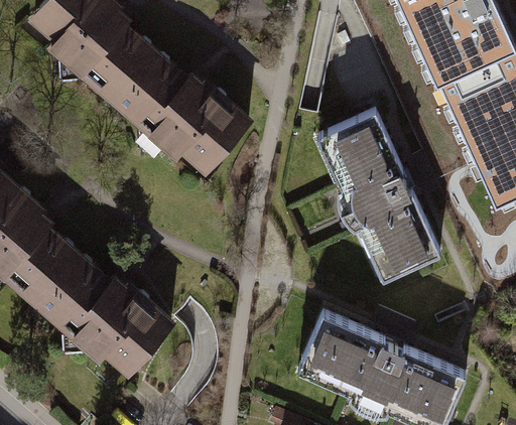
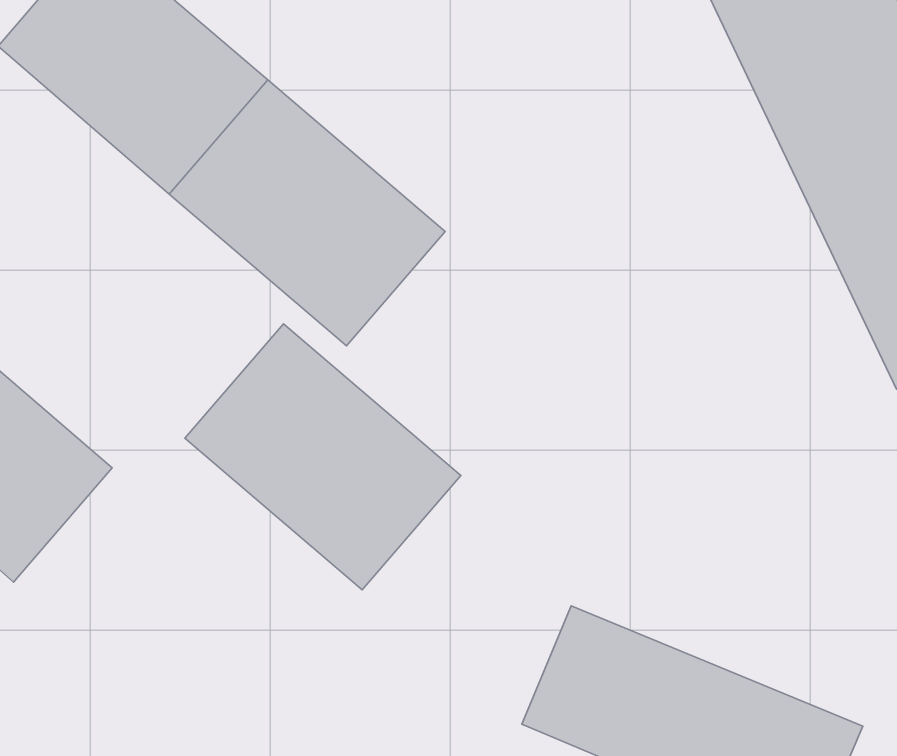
building: [321,114,443,281] -> none
building: [36,245,177,381] -> [185,324,461,590]

